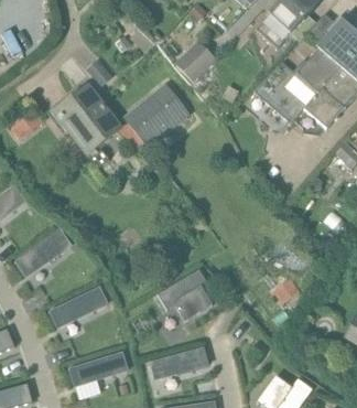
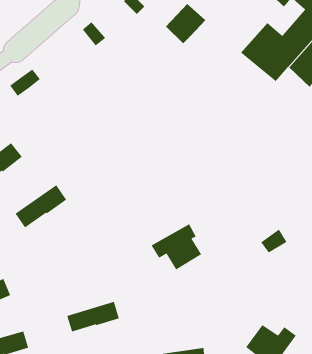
building: [123,84,184,142] -> none
building: [55,87,120,155] -> none
building: [51,287,107,326] -> none
building: [150,347,206,378] -> none

